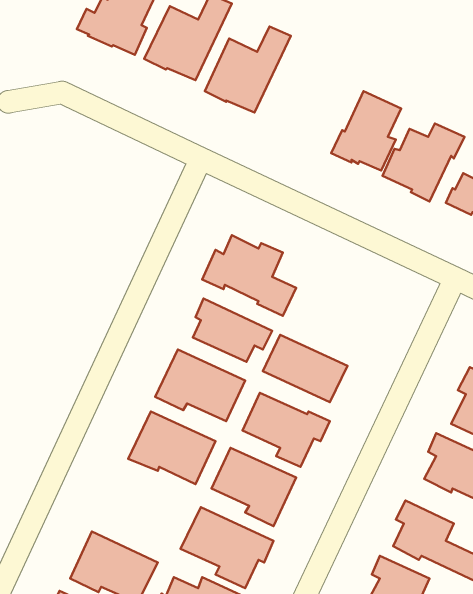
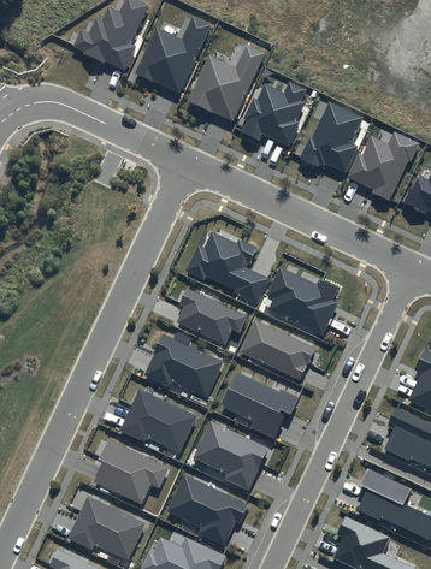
building: none -> [241,82,306,146]
building: none -> [267,267,338,336]
building: none -> [94,439,170,505]

